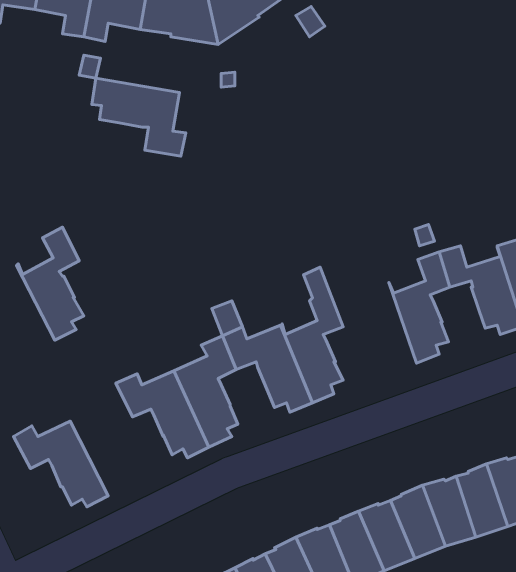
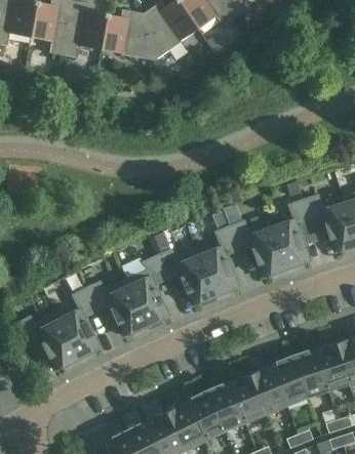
building: [92,78,186,156] -> none
building: [17,227,84,340] -> [54,288,100,364]
building: none -> [229,220,287,280]

